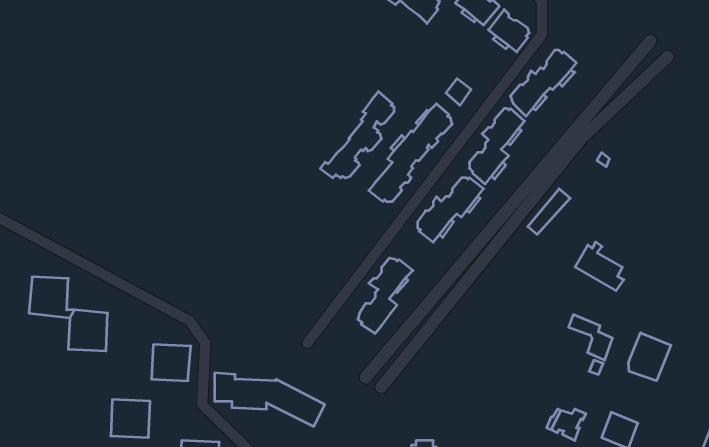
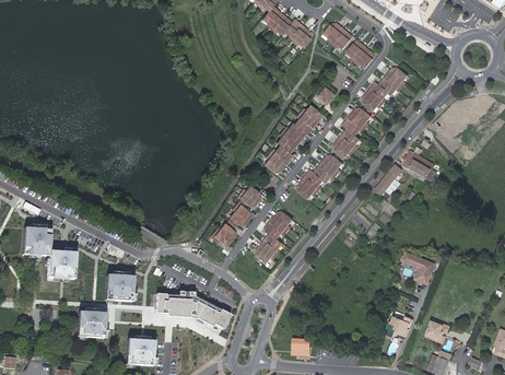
building: [320,91,394,178] -> [208,185,259,245]
building: [575,242,624,291] -> [401,145,435,179]
building: [629,333,671,381] -> none

